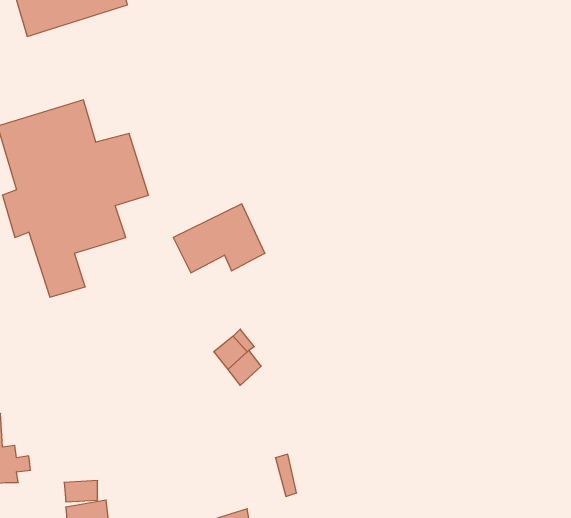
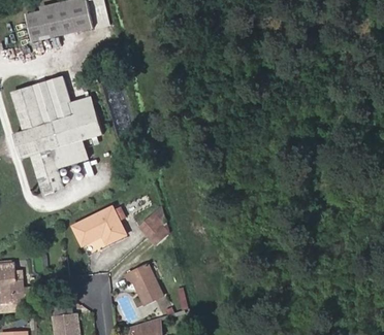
building: [173,204,265,273] -> [72,205,126,245]
building: none -> [126,264,162,304]

